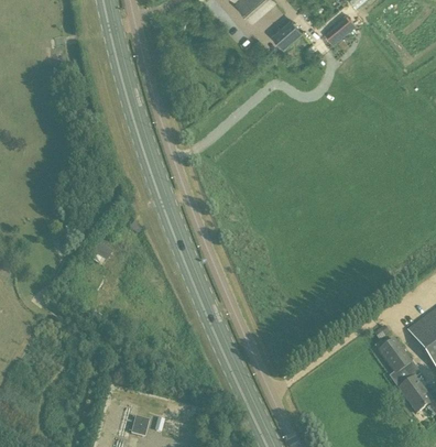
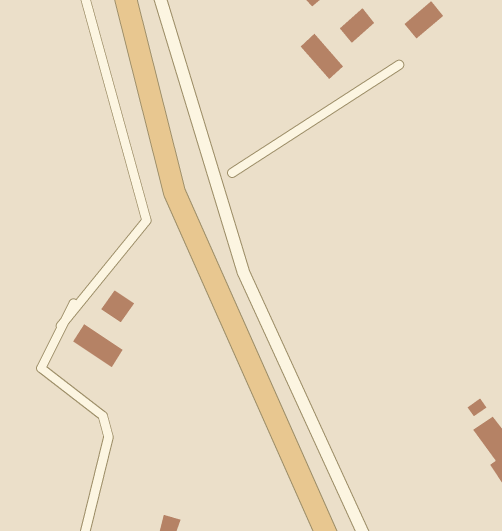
building: none -> [300,33,344,80]
building: none -> [72,323,124,368]

